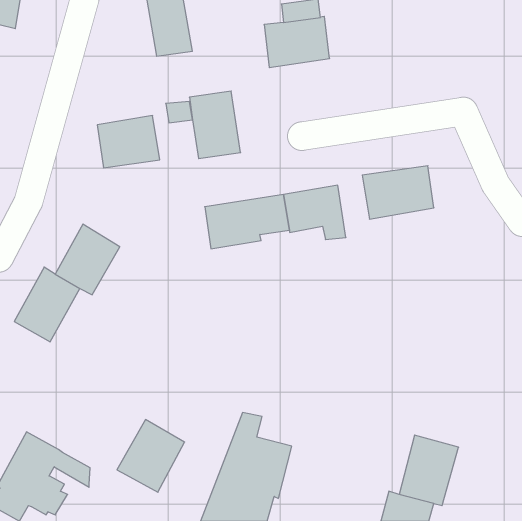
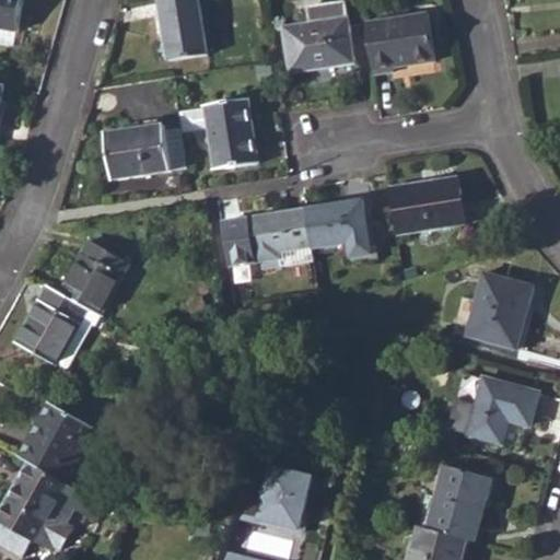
building: none -> [363,12,433,74]
building: none -> [466,272,533,350]
building: none -> [467,378,536,442]
building: [117,420,185,492] -> [19,402,91,480]

